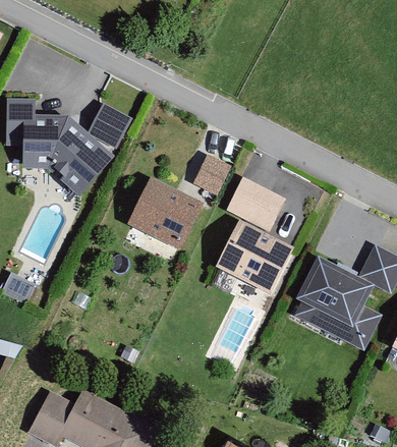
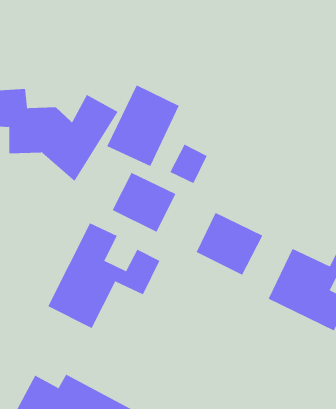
building: none -> [106,85,180,167]
building: [225,177,284,230] -> none
building: none -> [48,222,160,329]

